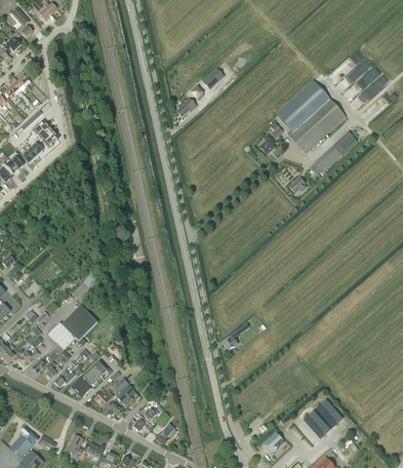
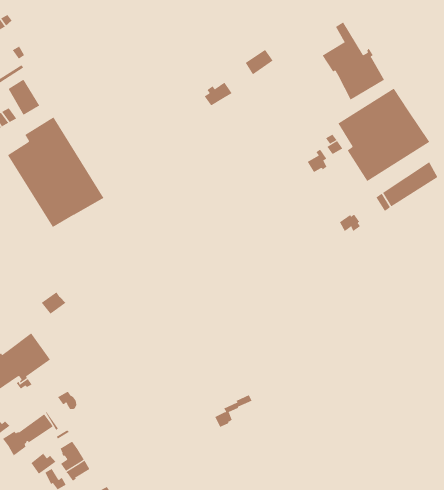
building: none -> [322,22,385,101]
building: none -> [7,117,104,228]

